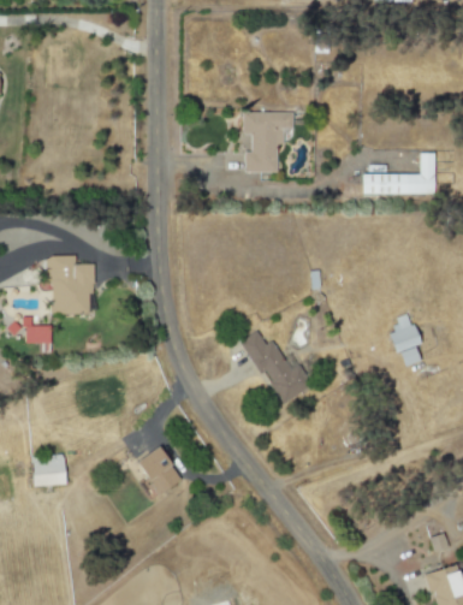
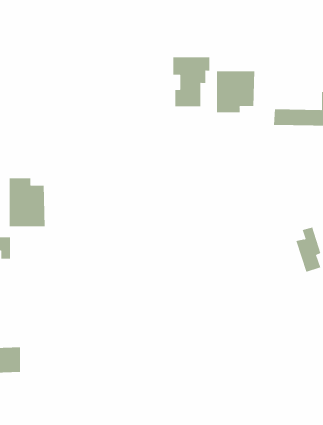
building: none -> [216,71,255,113]
building: [239,330,305,403] -> none
building: [136,446,182,494] -> none

